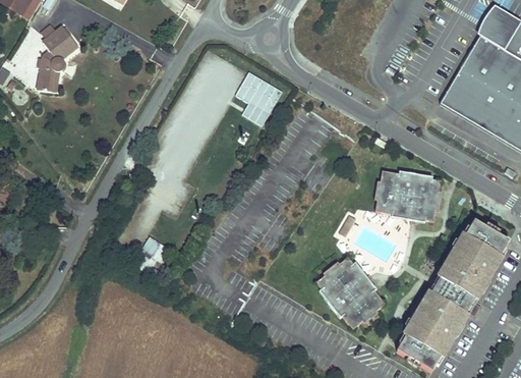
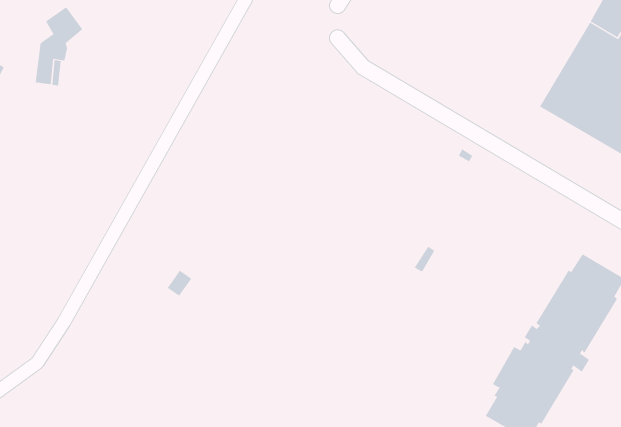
building: [236,71,283,123] -> none
building: [374,170,441,223] -> none
building: [315,256,385,328] -> none

